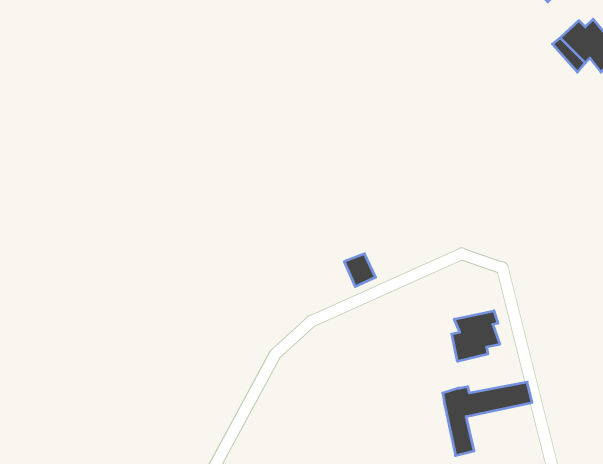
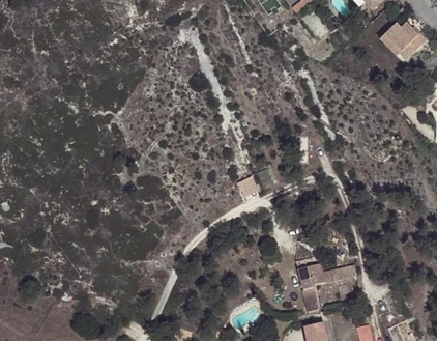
building: [452,311,500,361] -> none

